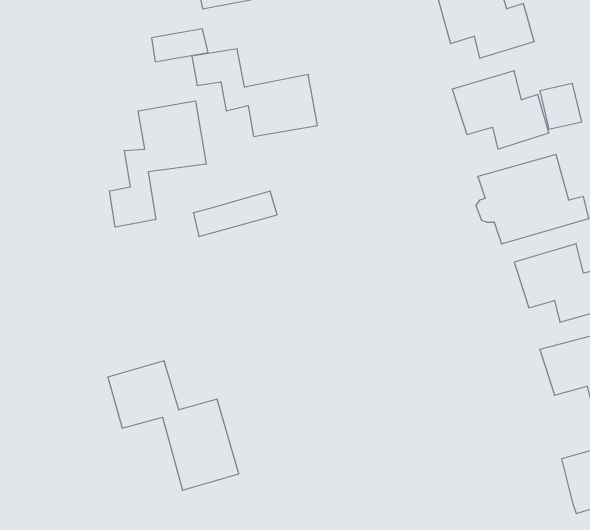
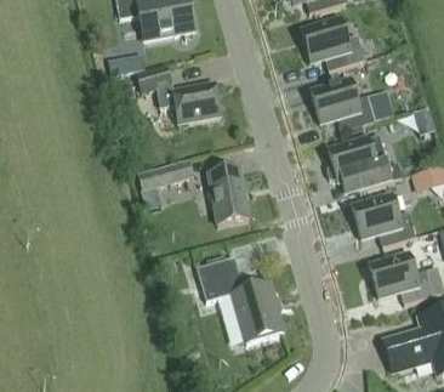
building: [109,101,206,227] -> none
building: none -> [209,166,249,225]
building: [108,361,239,490] -> [197,256,284,342]

